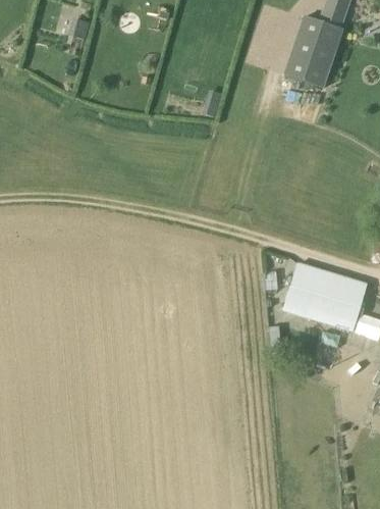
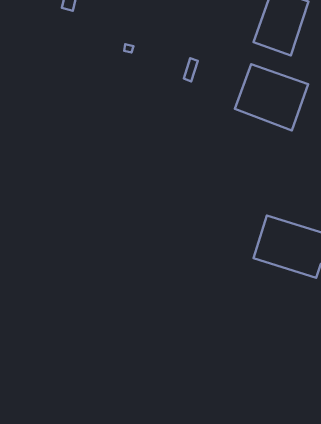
building: none -> [235,64,308,130]

